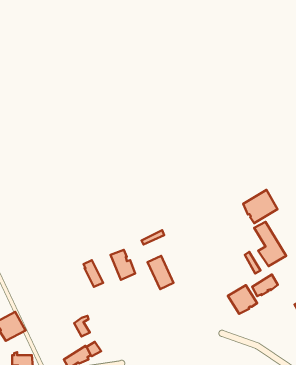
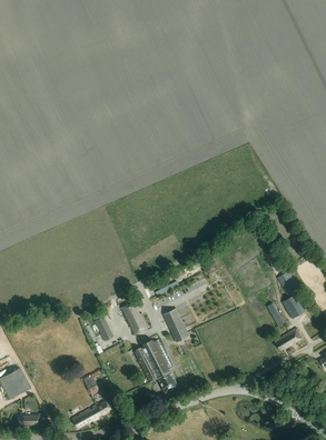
building: [243,190,277,223] -> none
building: [228,285,257,314] -> none
building: none -> [135,340,178,392]

